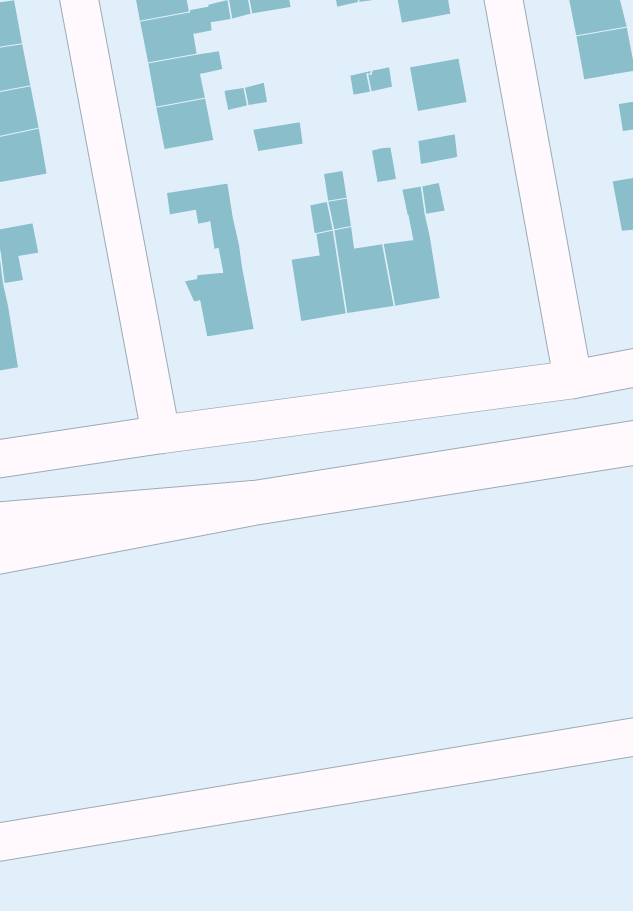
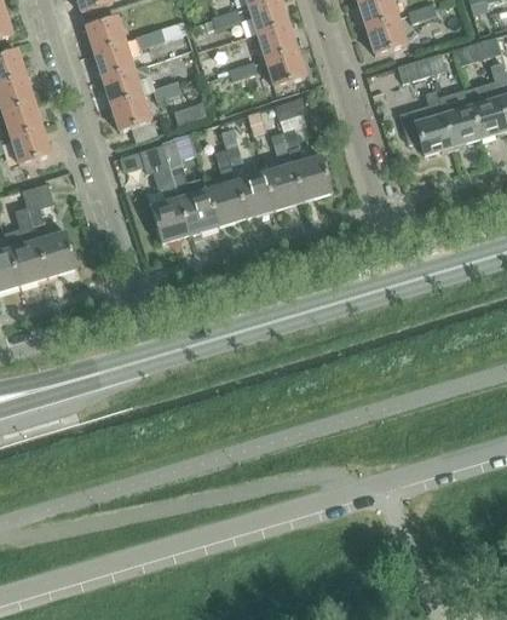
building: none -> [257,23,295,59]
building: none -> [162,142,218,234]
building: none -> [292,154,332,200]
building: none -> [36,230,76,276]

